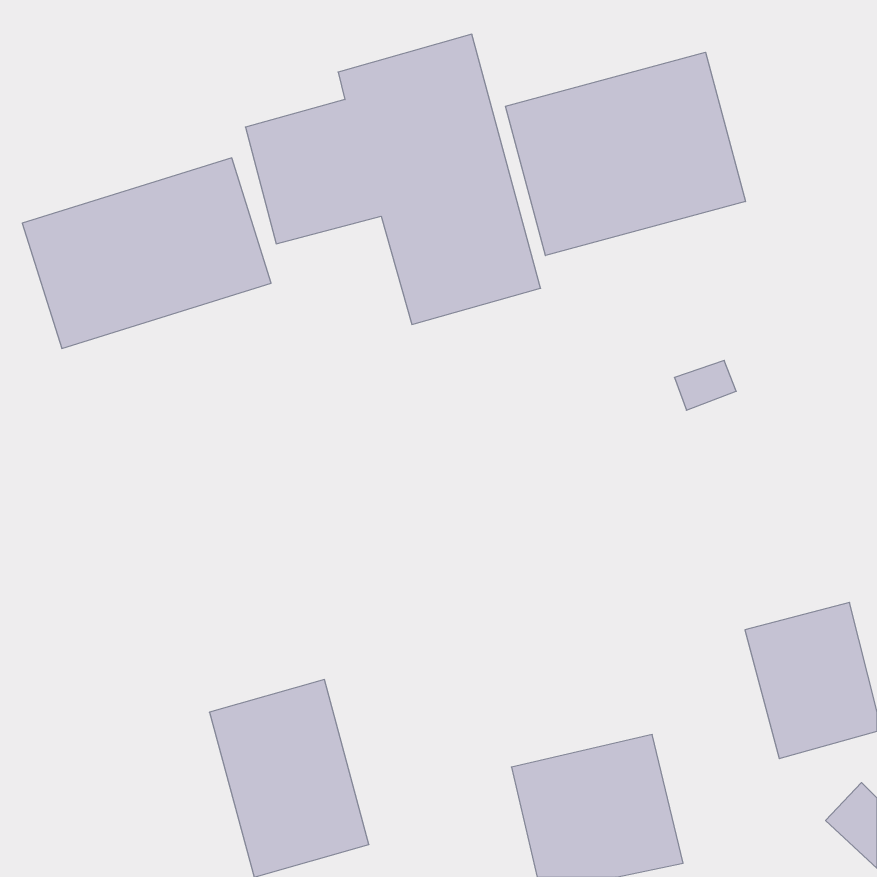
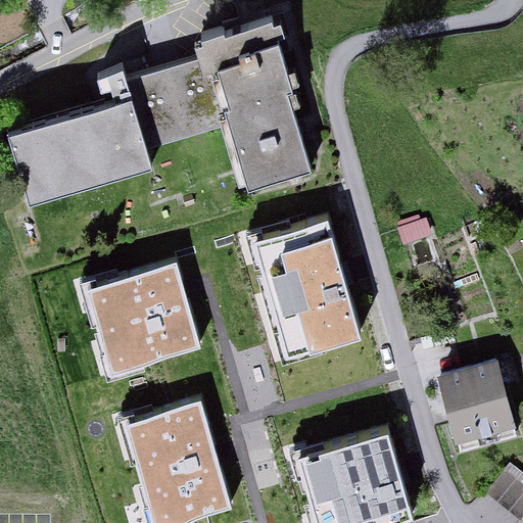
building: [505,52,745,256] -> none
building: none -> [247,222,354,354]
building: none -> [89,265,189,365]

